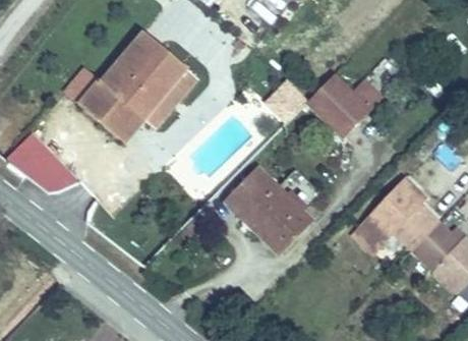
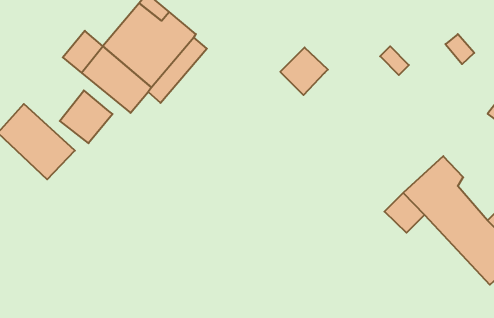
building: [302,68,370,136] -> none
building: none -> [60,90,113,143]
building: [225,171,306,253] -> none

